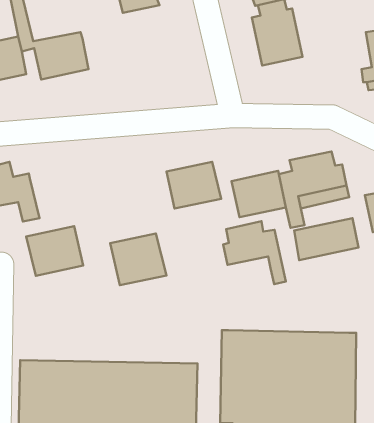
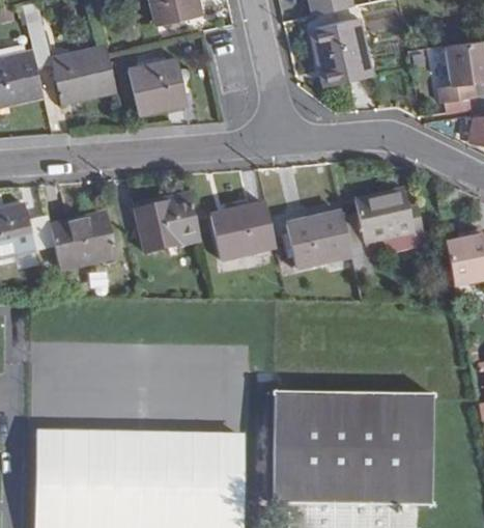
building: none -> [129,57,188,109]
building: [294,218,359,260] -> none
building: [223,221,286,284] -> none
building: [26,226,83,276] -> [48,206,115,266]
building: [110,233,166,285] -> [133,189,199,250]

